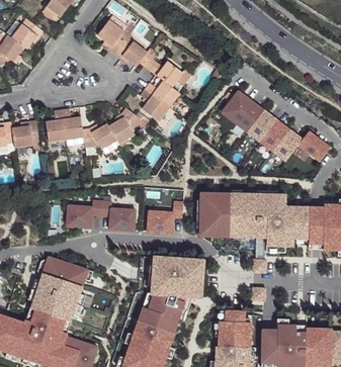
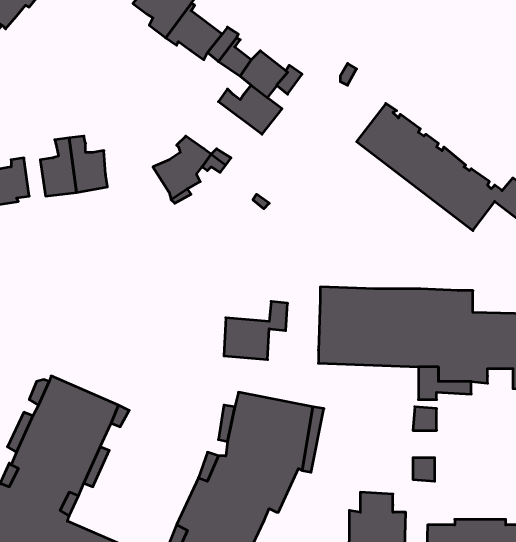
building: [141,90,169,121] -> none
building: [82,123,117,150] -> none
building: [67,199,136,231] -> none

